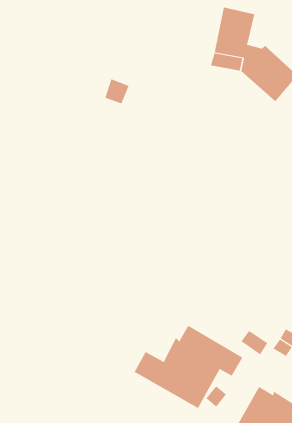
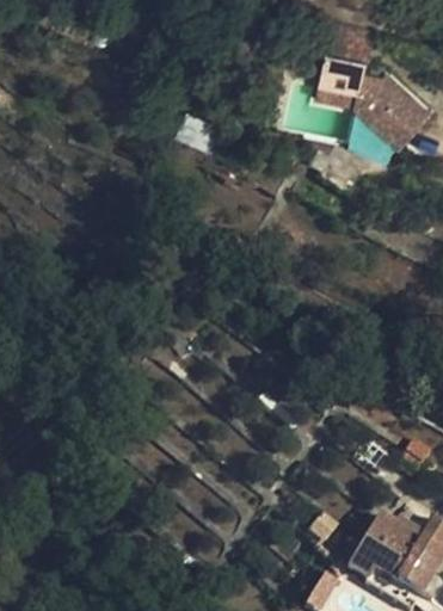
building: [134,325,243,409] -> none

